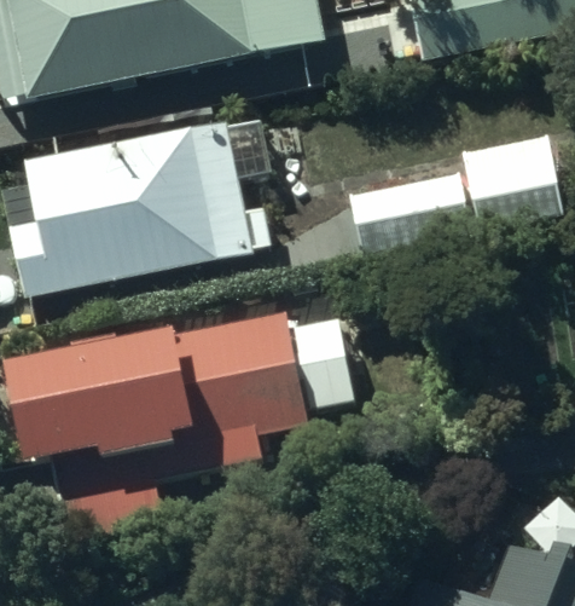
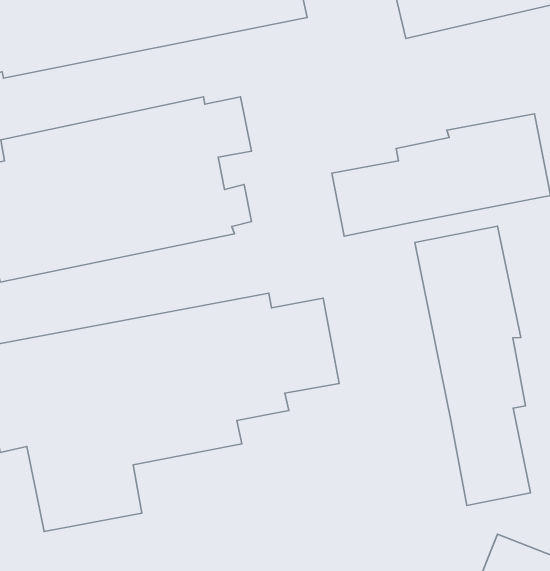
building: none -> [415,226,531,505]

